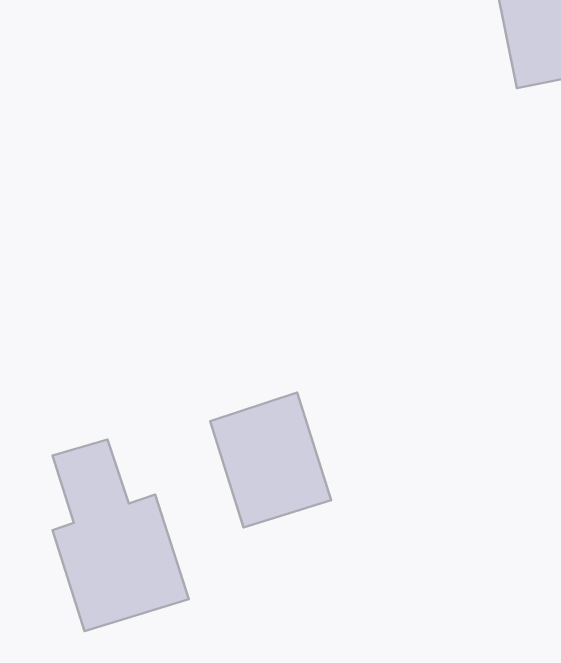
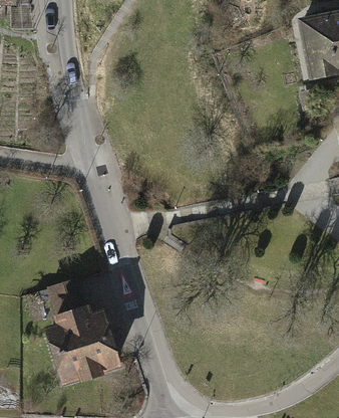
building: [210,392,331,527] -> none

